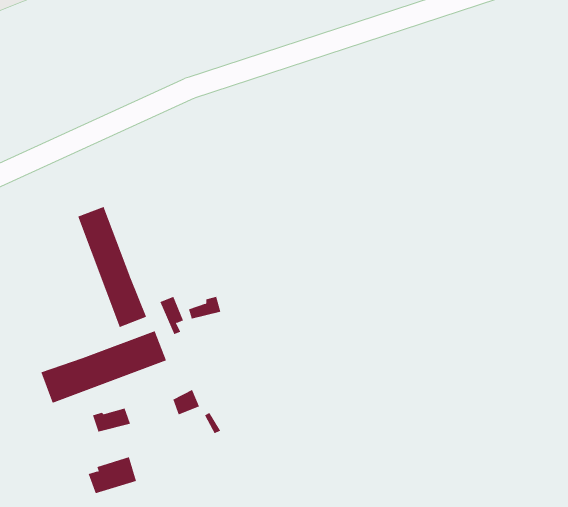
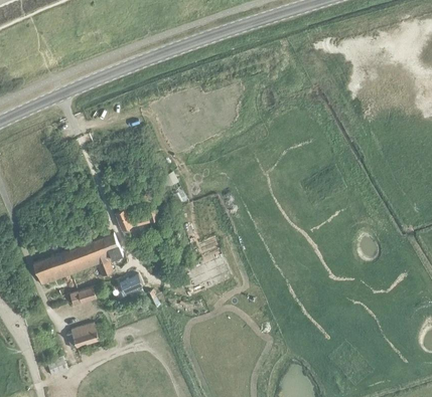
building: [78,206,147,328] -> none

